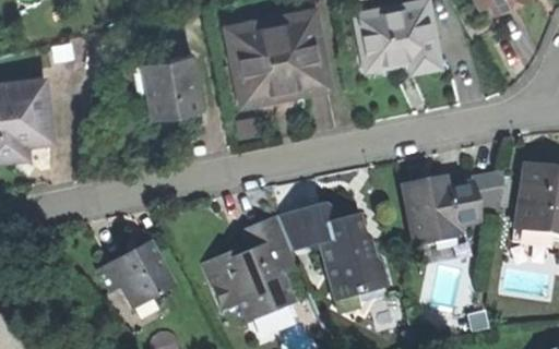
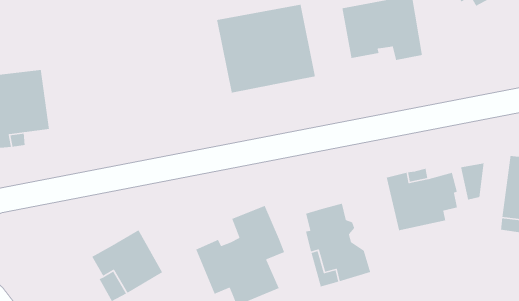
building: [143,52,201,115] -> none
building: [277,203,337,251] -> none

